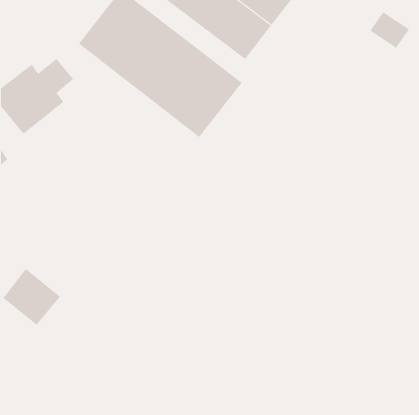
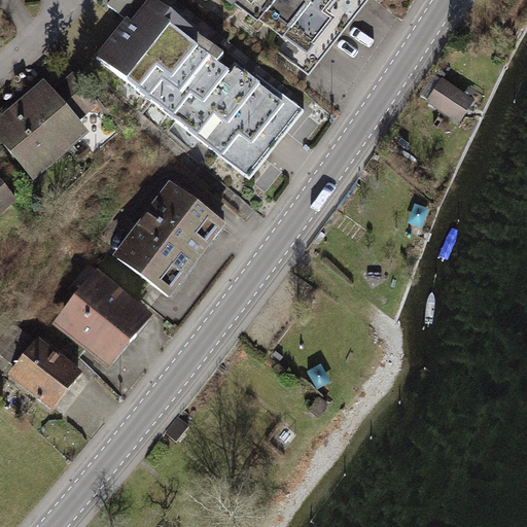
building: [370,12,410,48] -> [428,74,479,120]
building: none -> [108,182,219,293]
building: none -> [46,272,148,372]

